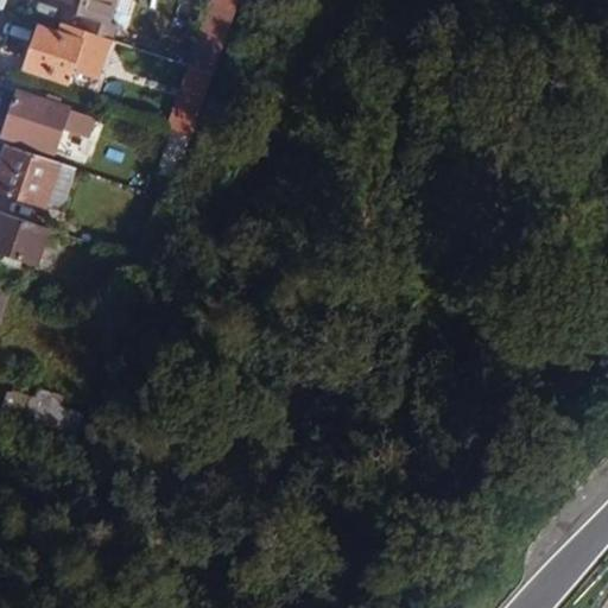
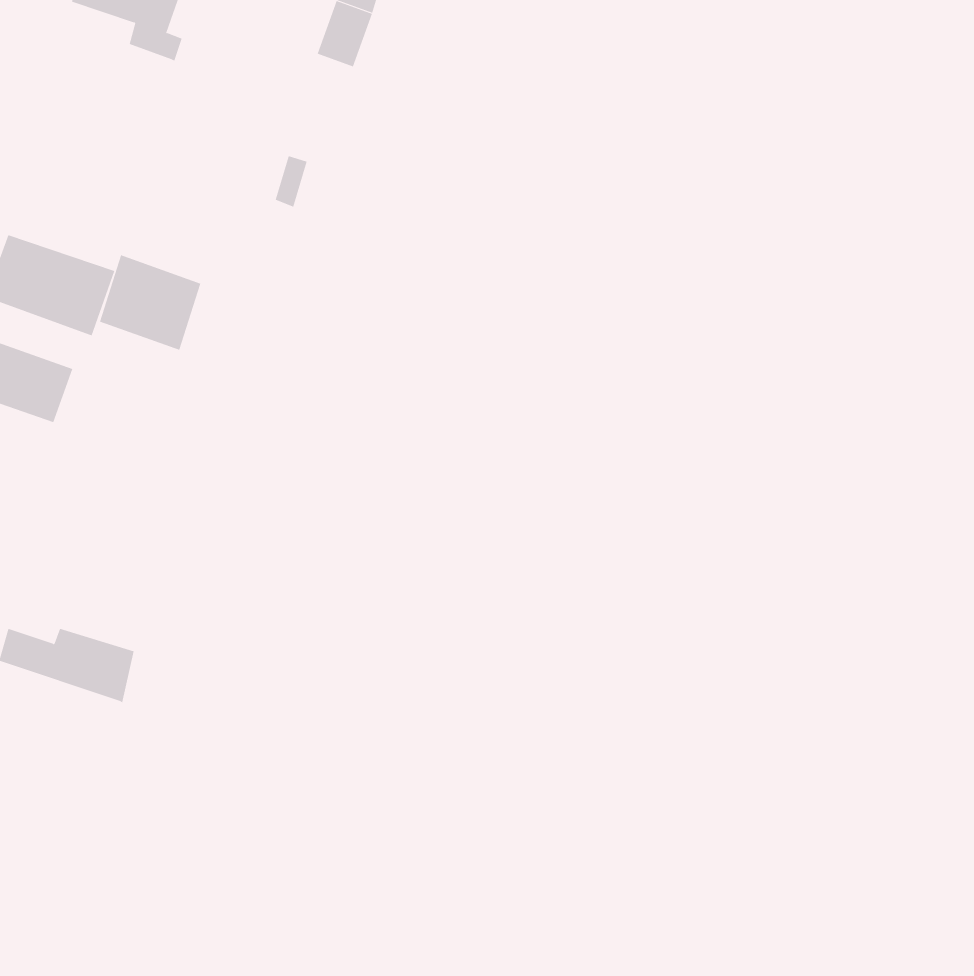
building: [24,23,106,80] -> none
building: [8,95,71,154] -> [99,255,201,351]

